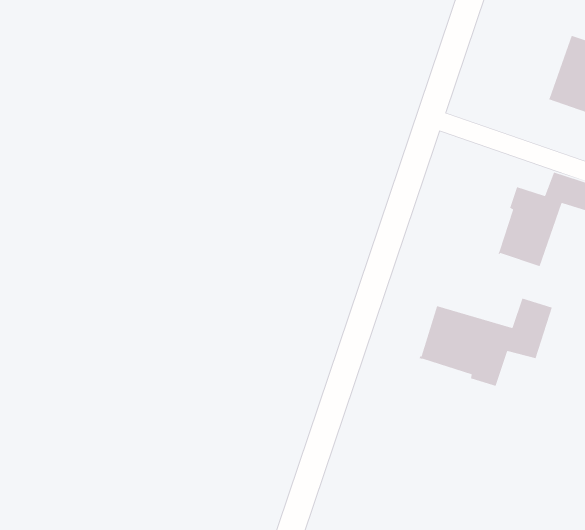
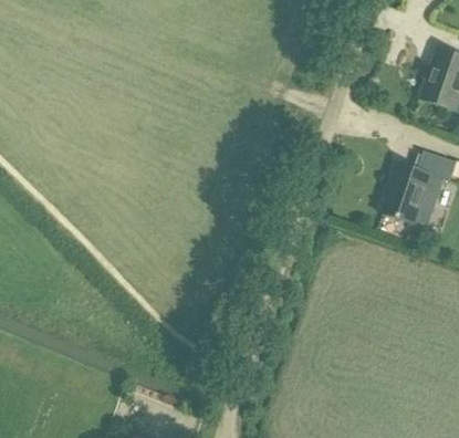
building: [419,298,553,387] -> none

